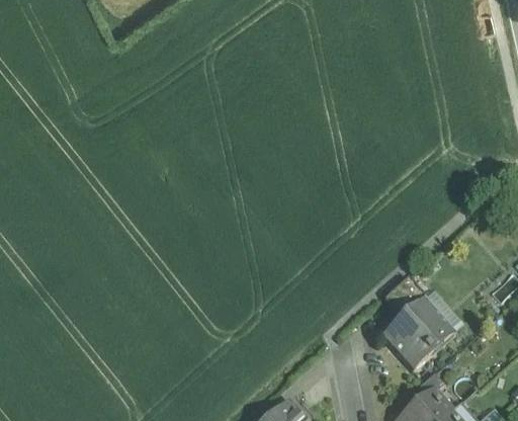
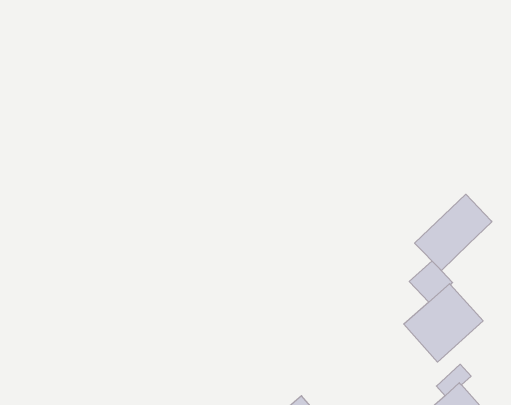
building: none -> [415,194,492,270]

